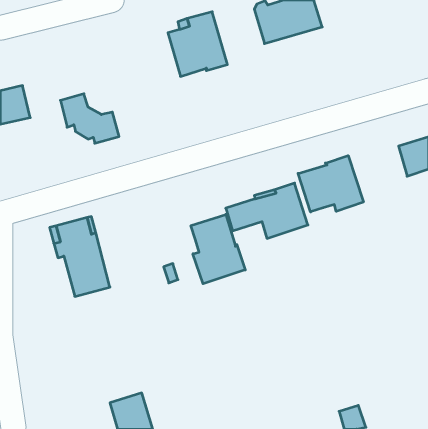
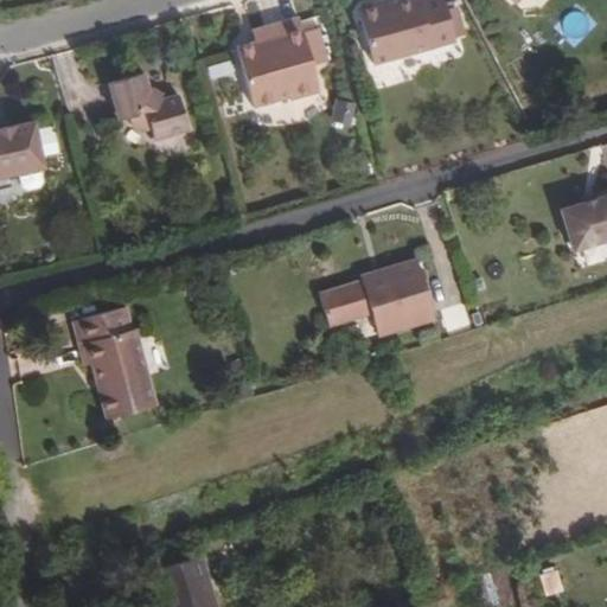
building: [60,94,119,143] -> [108,66,191,136]
building: [298,156,363,212] -> none
building: [191,214,245,284] -> none

